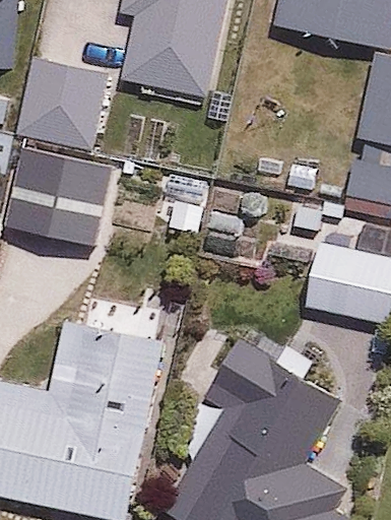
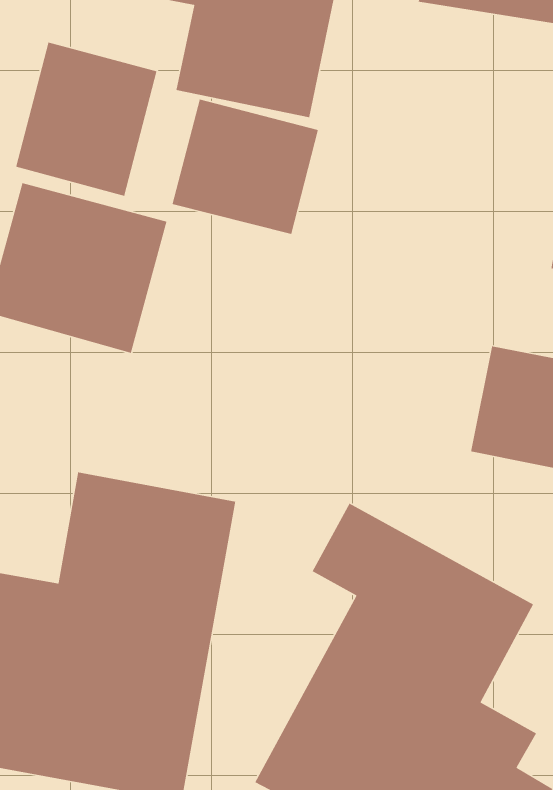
building: none -> [172,98,319,235]

